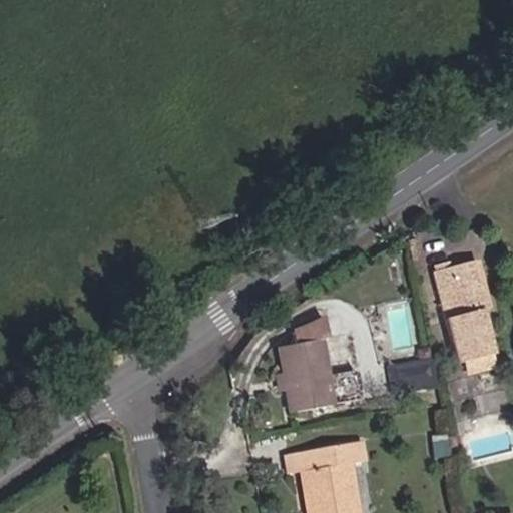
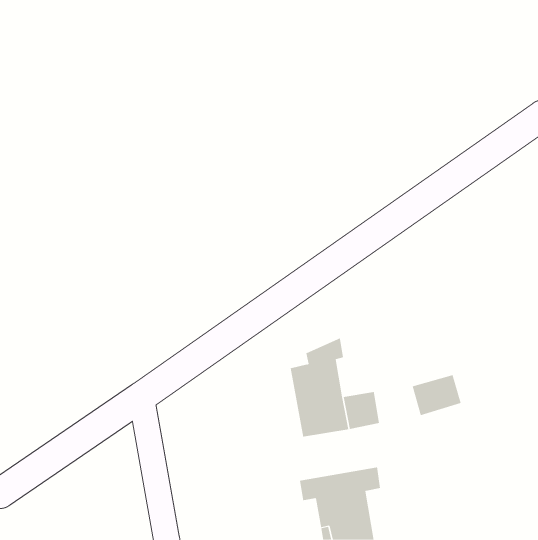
building: [435,260,496,363] -> none

